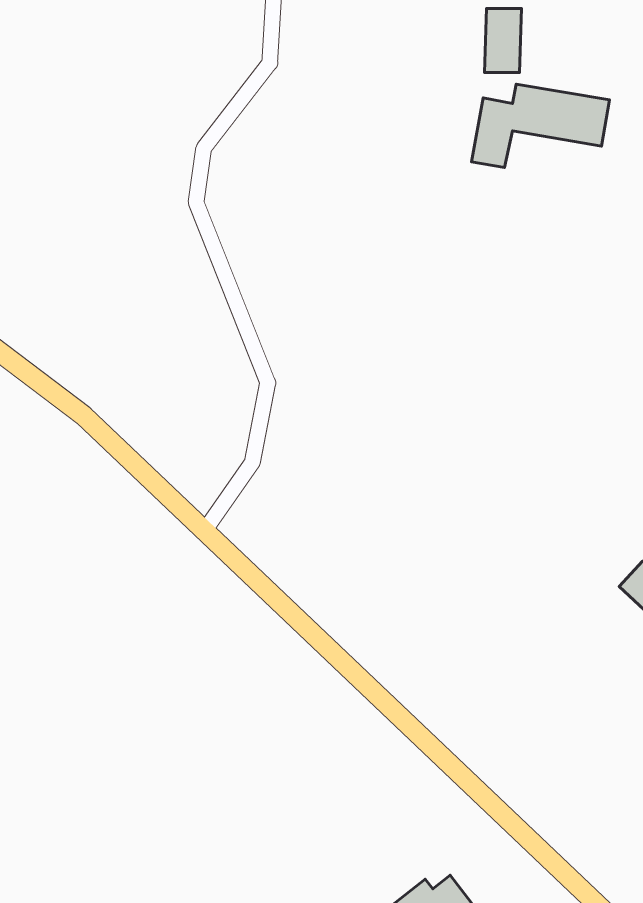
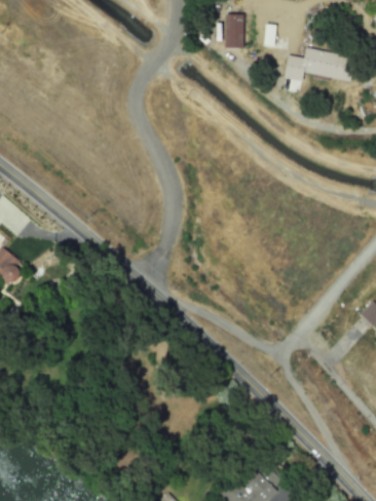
building: [485,9,521,72] -> [225,14,245,48]

